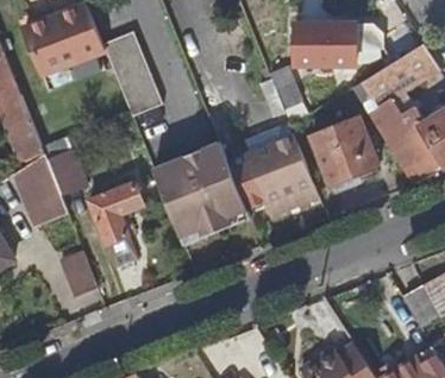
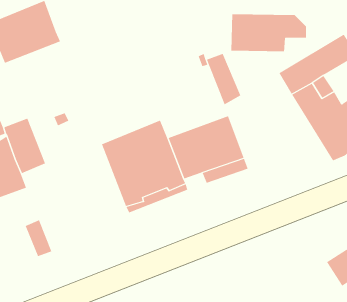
building: [101,29,162,113] -> none
building: [311,119,377,185] -> none
building: [89,185,140,245] -> none

